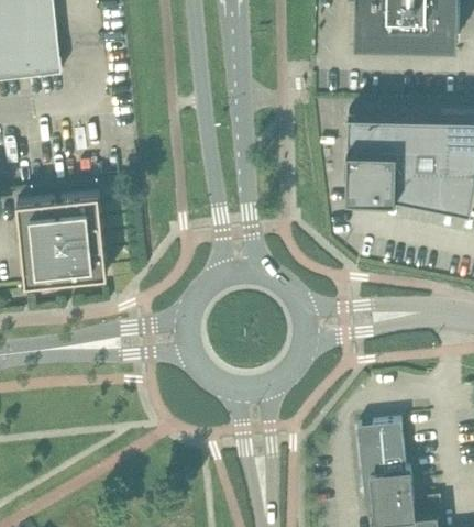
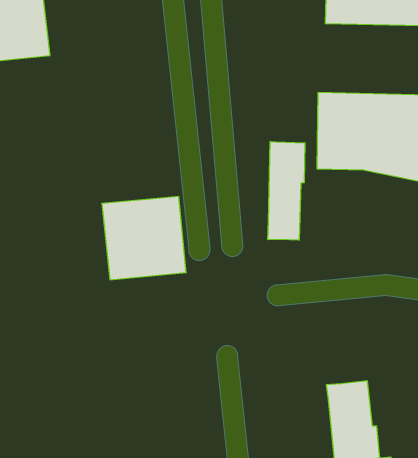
building: none -> [268,141,305,240]
building: [16,195,107,284] -> [102,196,186,280]

